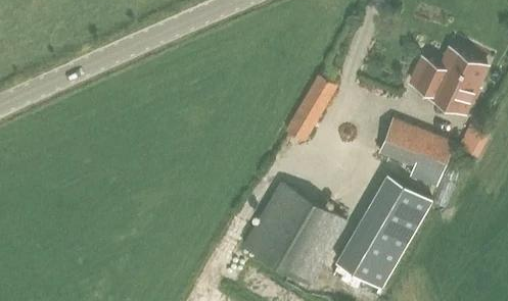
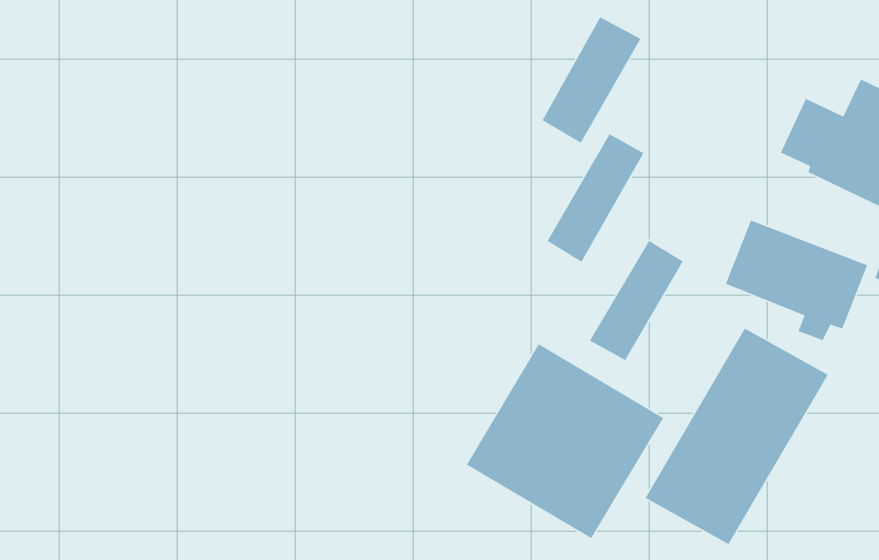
building: none -> [542,16,641,144]
building: none -> [589,240,684,361]

